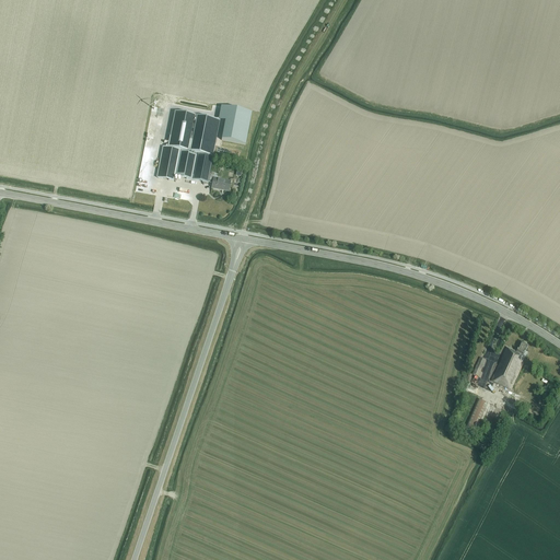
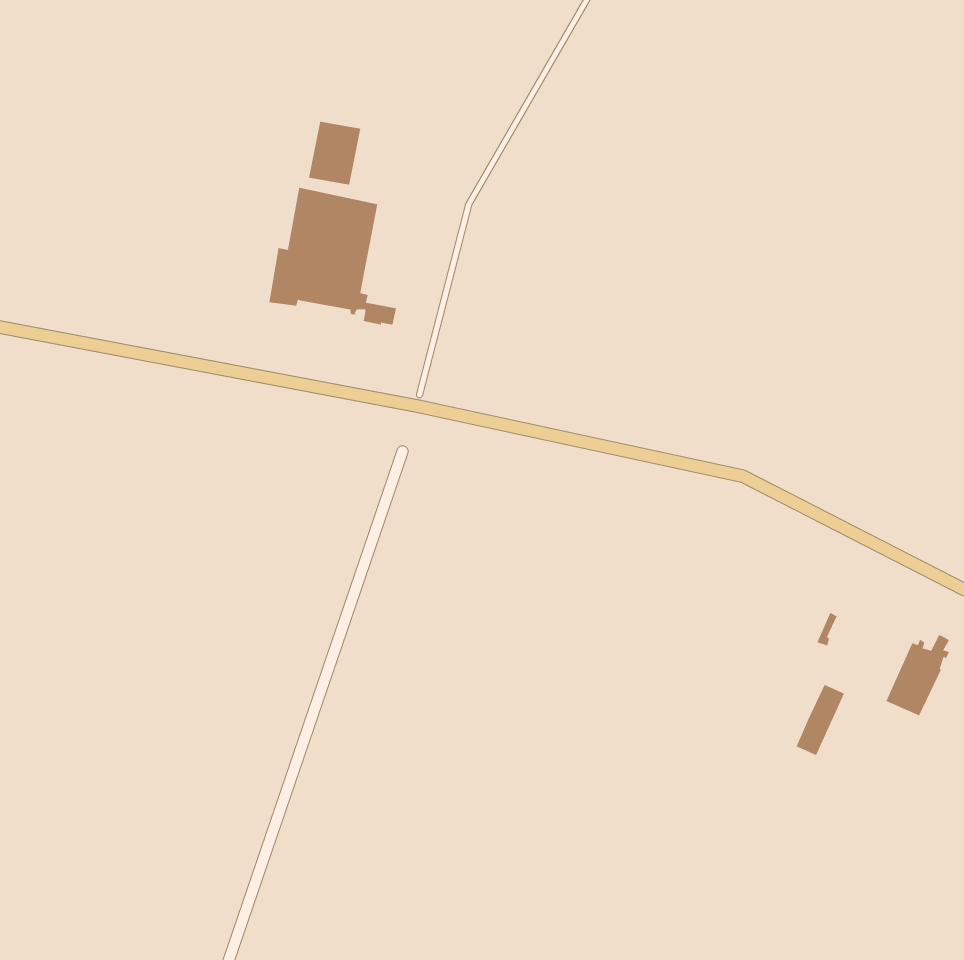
building: [220,105,250,142] -> [308,121,361,185]
building: [490,340,527,387] -> [886,635,950,716]

